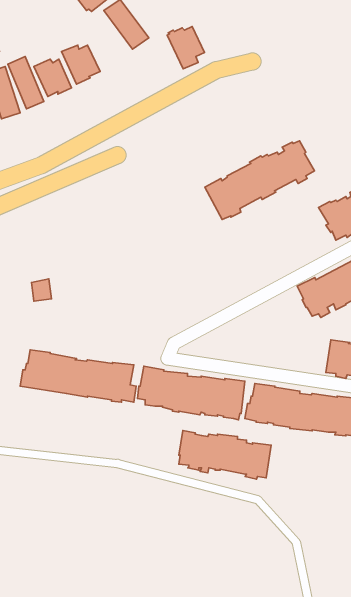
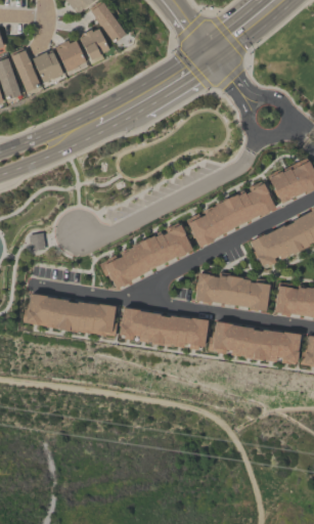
building: [167,26,204,69] -> [80,31,110,66]
building: [205,141,315,220] -> [185,181,275,246]
building: none -> [99,222,192,287]
building: [179,430,271,479] -> [194,270,270,310]

